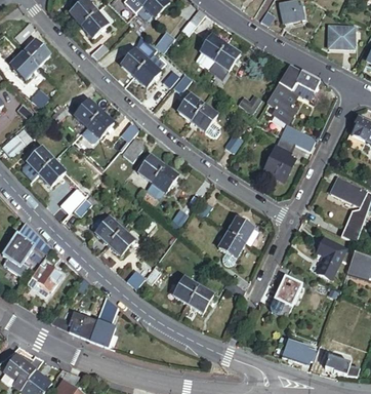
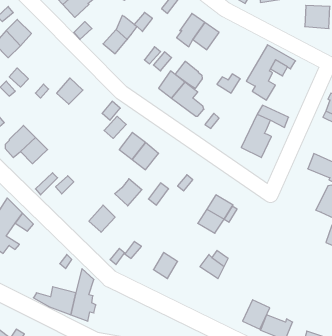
building: [134,54,162,85] -> none
building: none -> [175,61,202,88]
building: [82,111,115,141] -> none
building: [94,216,122,244] -> [115,179,142,206]
building: [316,236,346,278] -> none
building: [31,263,60,289] -> none
building: [274,276,301,306] -> [243,300,270,329]
building: [188,285,213,312] -> none

